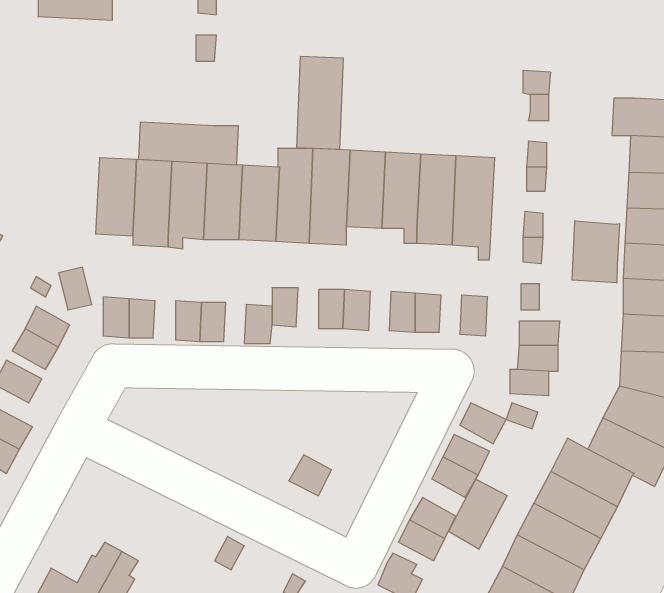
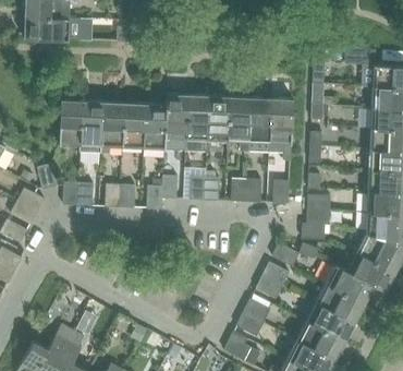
building: [297,56,343,149] -> none
building: [138,122,239,165] -> [24,16,83,41]
building: [572,221,620,283] -> none
building: [448,479,507,549] -> none

